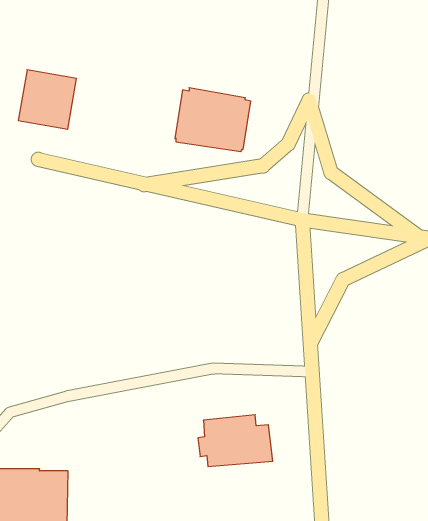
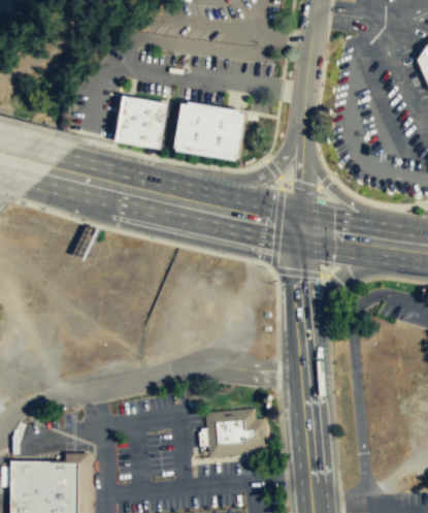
building: [18,70,77,129] -> [113,95,168,151]

